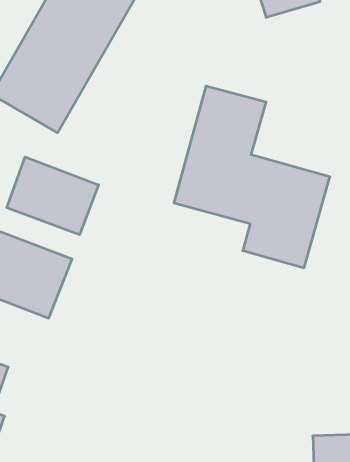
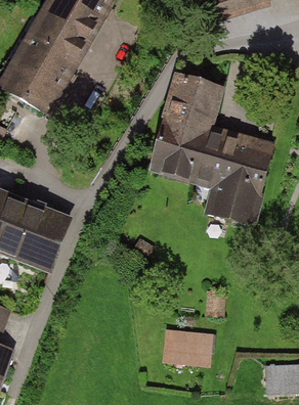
building: [7,157,99,235] -> none
building: none -> [163,329,207,362]

